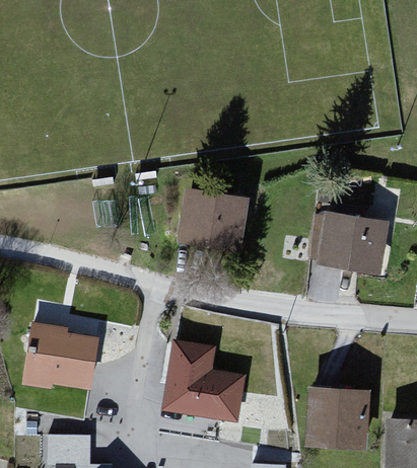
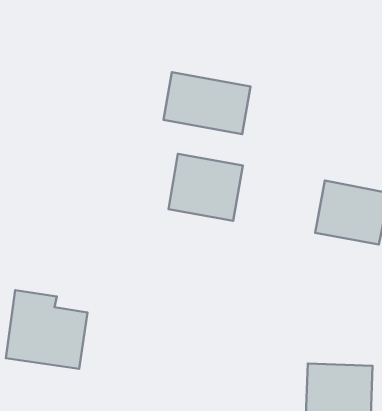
building: none -> [163,72,250,134]
building: [162,341,246,421] -> none

